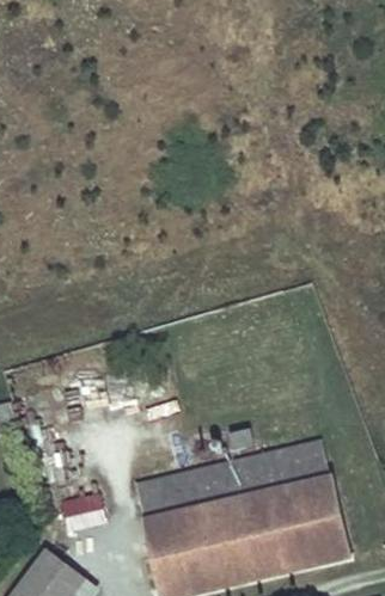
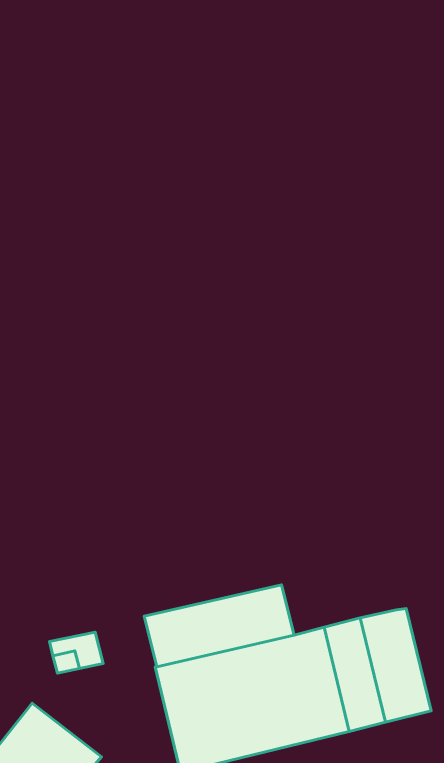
building: [238,442,325,498] -> none

